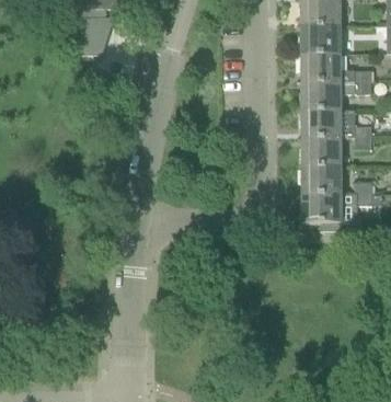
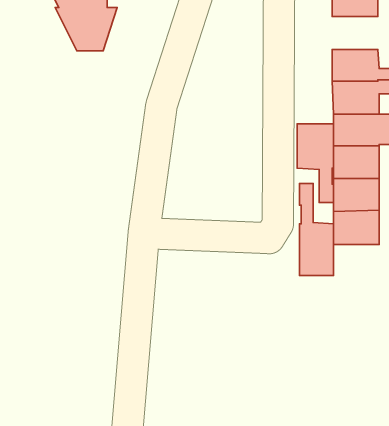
building: [301,25,341,54] -> none
building: none -> [297,124,334,203]
building: none -> [300,184,334,276]

